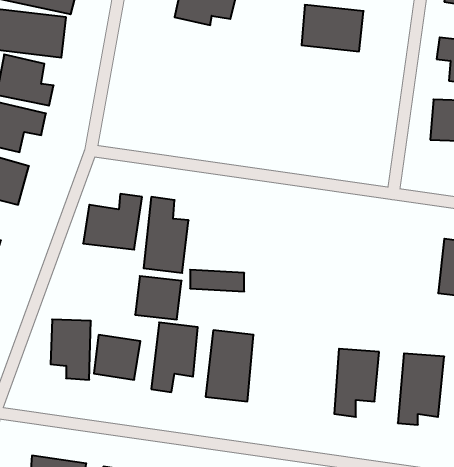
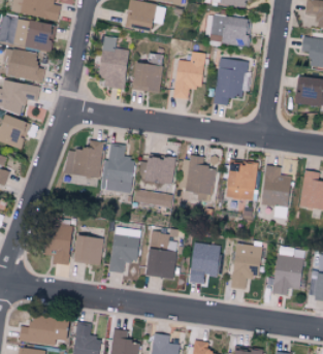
building: none -> [98,36,129,89]
building: none -> [172,51,206,99]
building: none -> [131,53,165,93]
building: none -> [215,58,248,105]
building: none -> [182,156,216,200]
building: none -> [225,161,258,200]
building: none -> [261,164,292,218]
building: [135,276,182,319] -> [144,155,175,184]
building: none -> [190,242,223,283]

